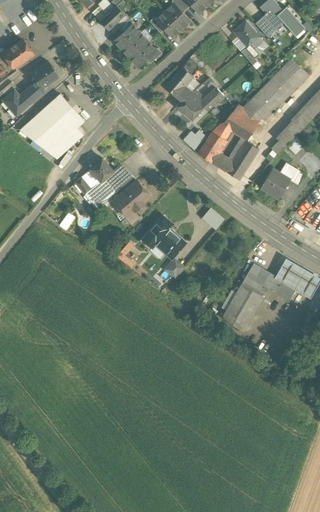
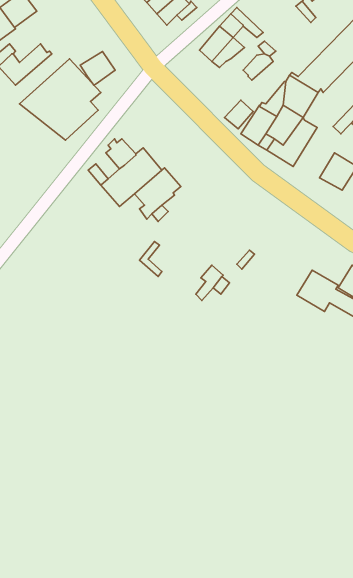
building: [31,62,59,89] -> [80,51,115,85]
building: [176,94,203,119] -> none
building: [143,215,185,257] -> none
building: [221,283,264,331] -> none

